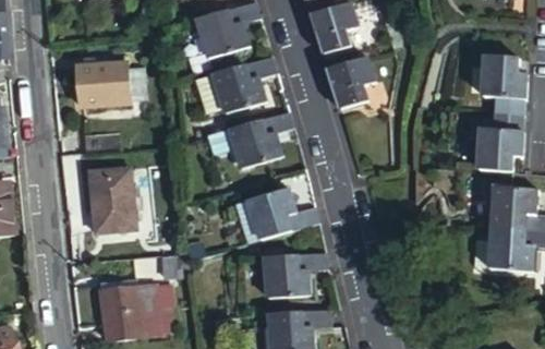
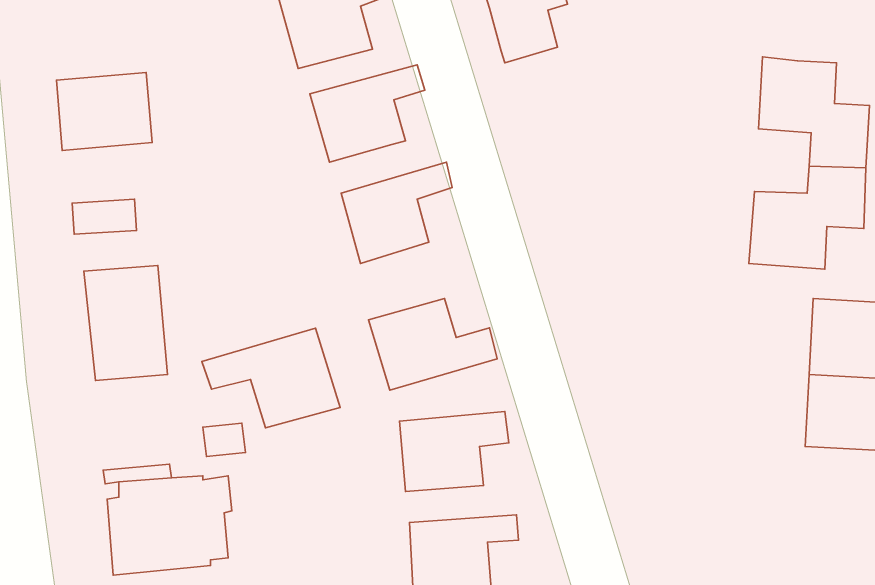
building: [329,60,376,110] -> none
building: none -> [202,328,340,428]

